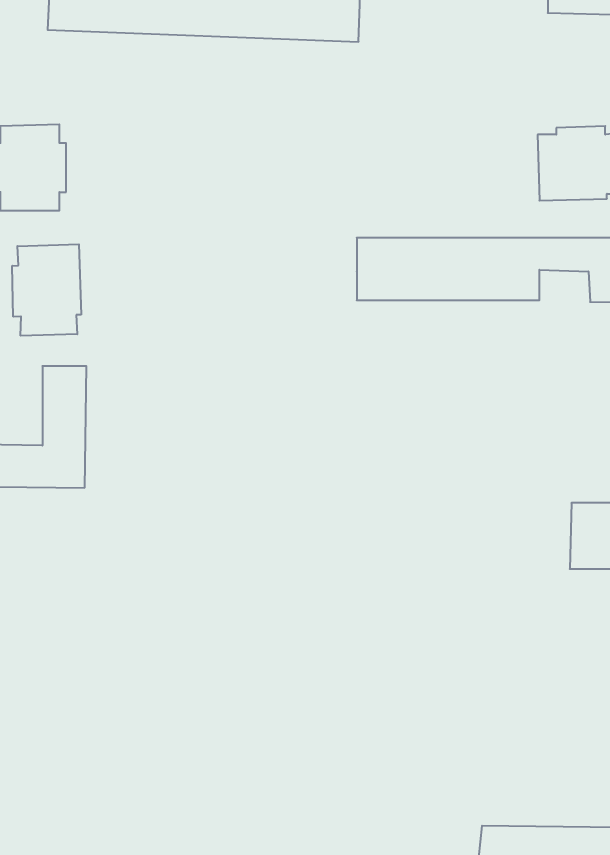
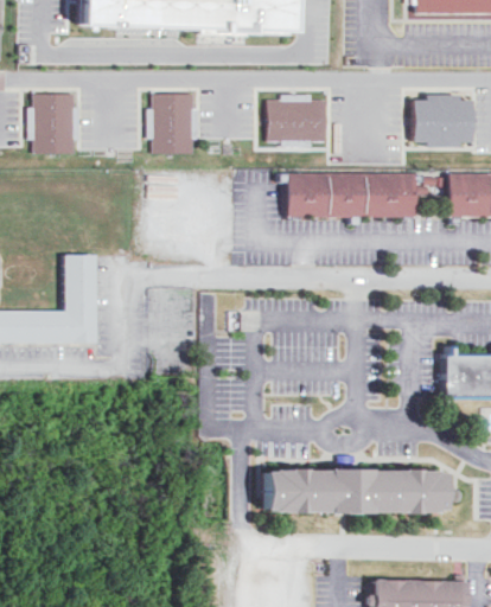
building: none -> [151,91,200,151]
building: none -> [268,91,330,145]
building: [12,244,81,336] -> none
building: none -> [263,469,446,515]

